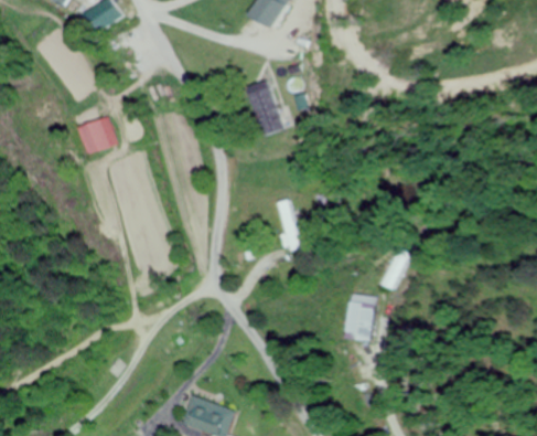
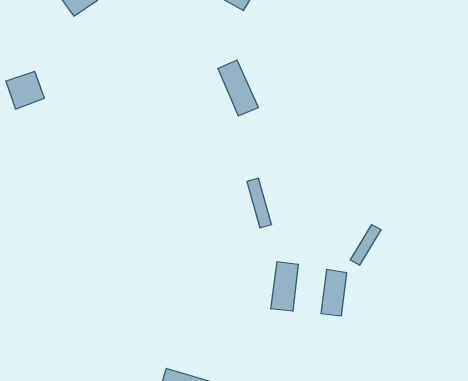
building: [77,117,117,156] -> [6,71,44,109]
building: none -> [271,262,298,311]

